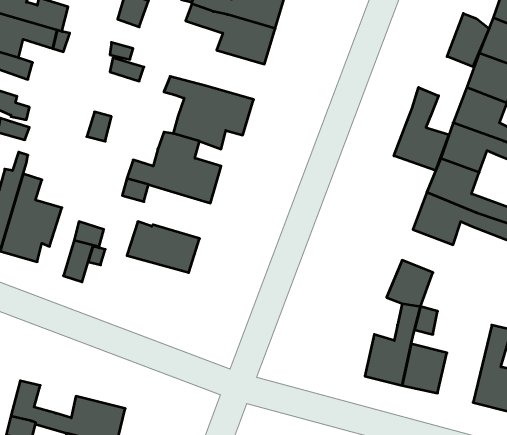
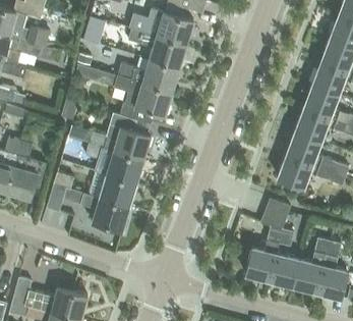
building: [447,13,489,67] -> none
building: none -> [117,59,179,92]
building: [394,87,449,170] -> none
building: none -> [106,151,143,183]
building: none -> [85,195,129,230]
building: none -> [293,237,329,291]

